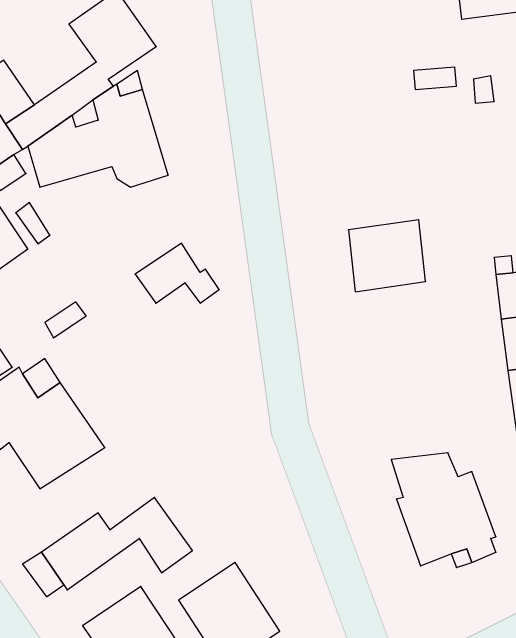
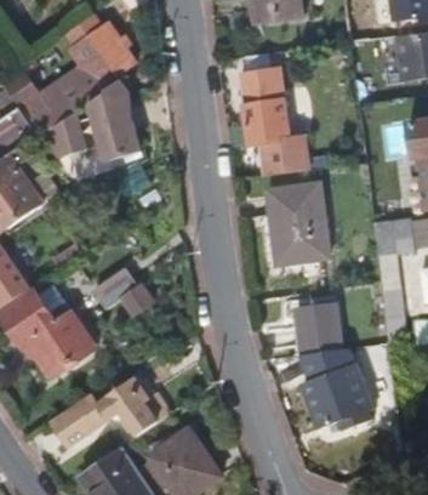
building: none -> [241,63,323,173]
building: [135,243,219,303] -> [93,264,153,307]
building: none -> [274,227,327,262]
building: none -> [291,303,339,354]

